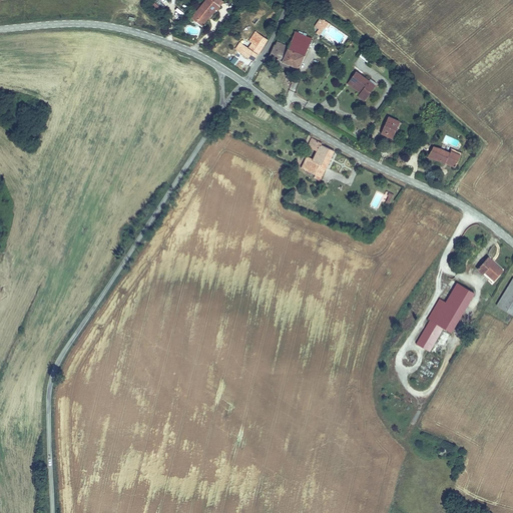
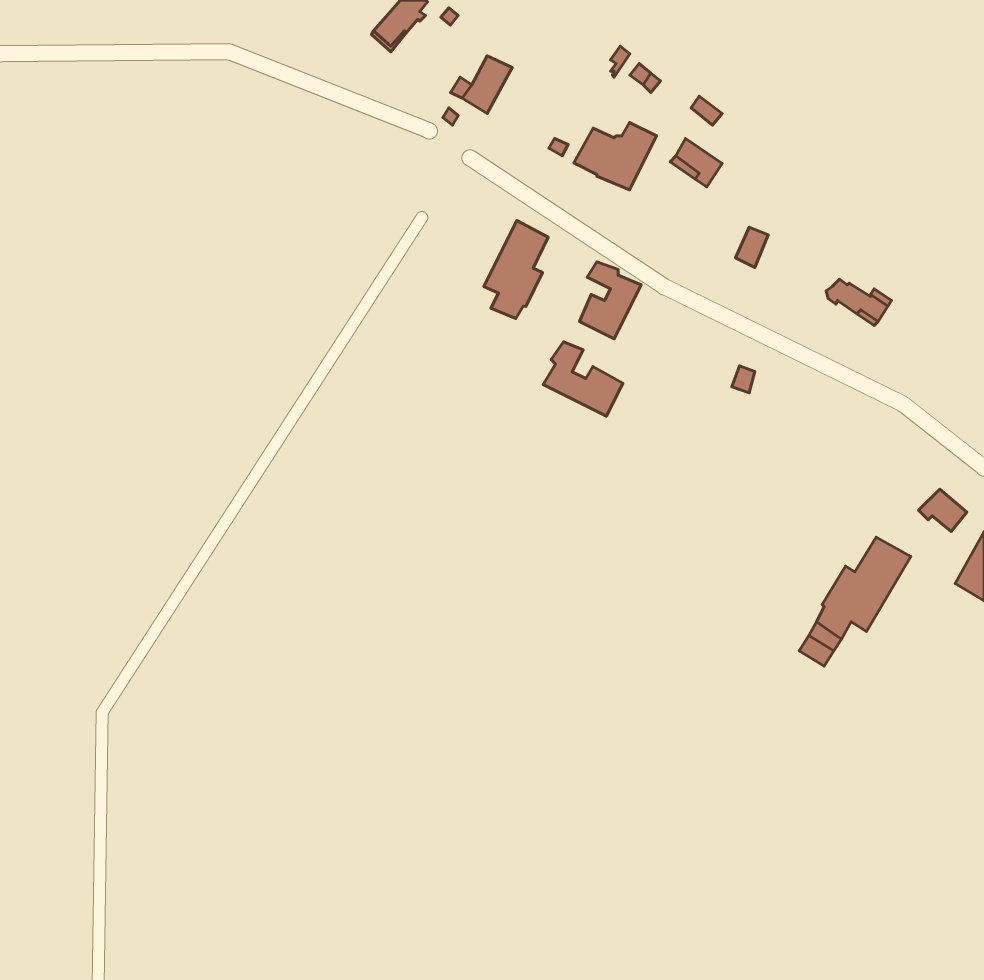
building: [269,33,312,68] -> [574,122,657,190]
building: none -> [484,221,548,319]
building: none -> [543,342,623,416]

